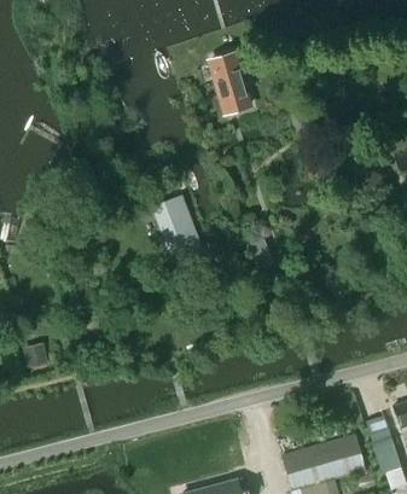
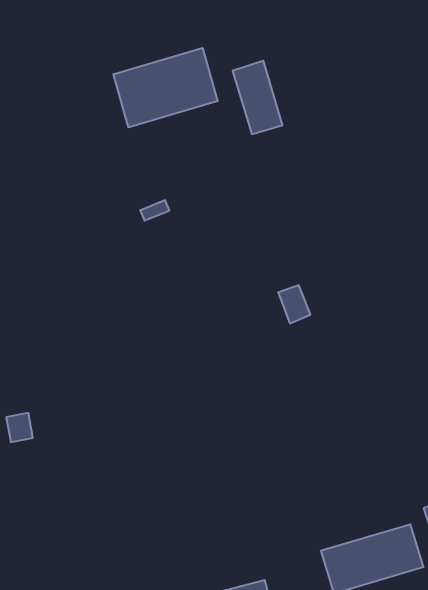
building: none -> [113,48,218,127]
building: [153,194,203,260] -> none

